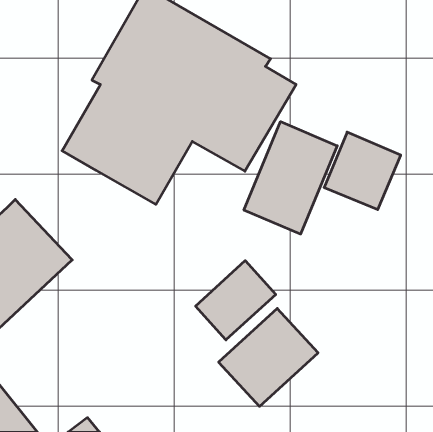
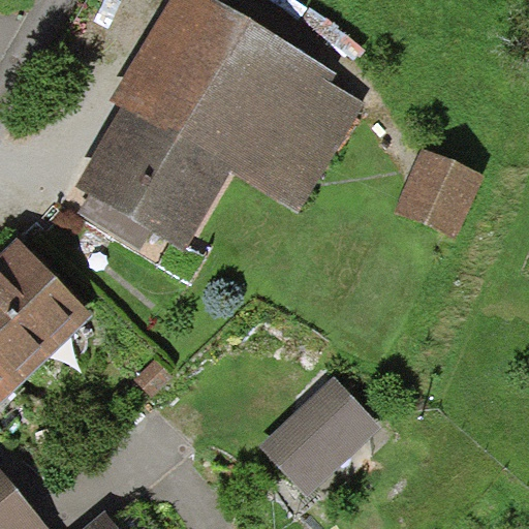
building: [244,122,337,234] -> none
building: [196,261,276,340] -> none

